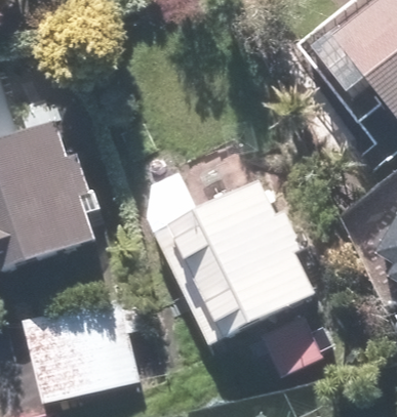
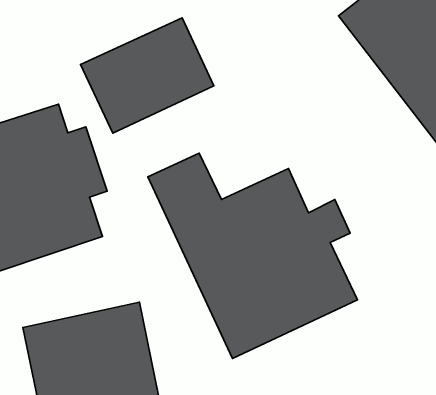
building: none -> [81,18,214,133]

